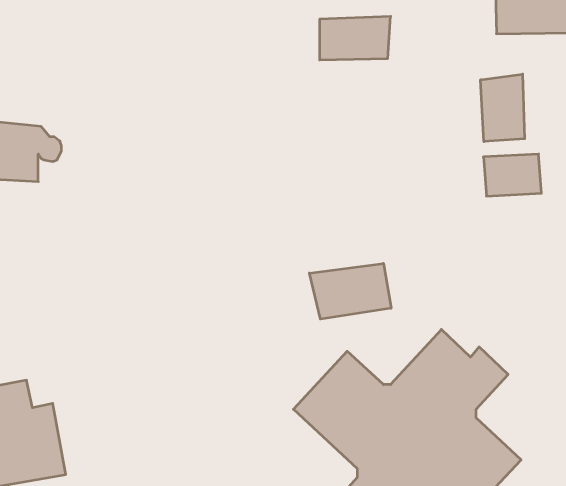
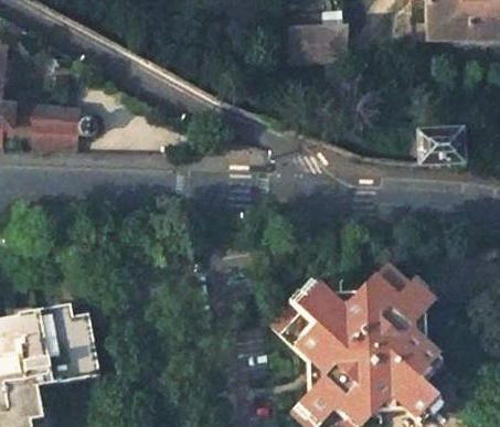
building: [481,74,525,142] -> none
building: [309,263,391,319] -> none

